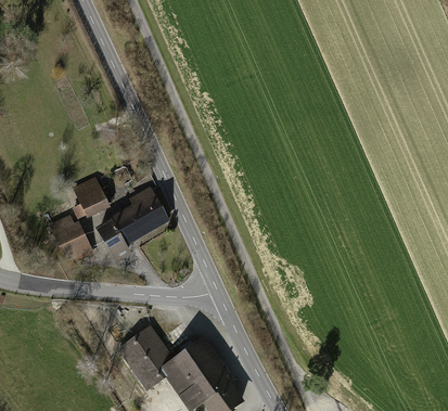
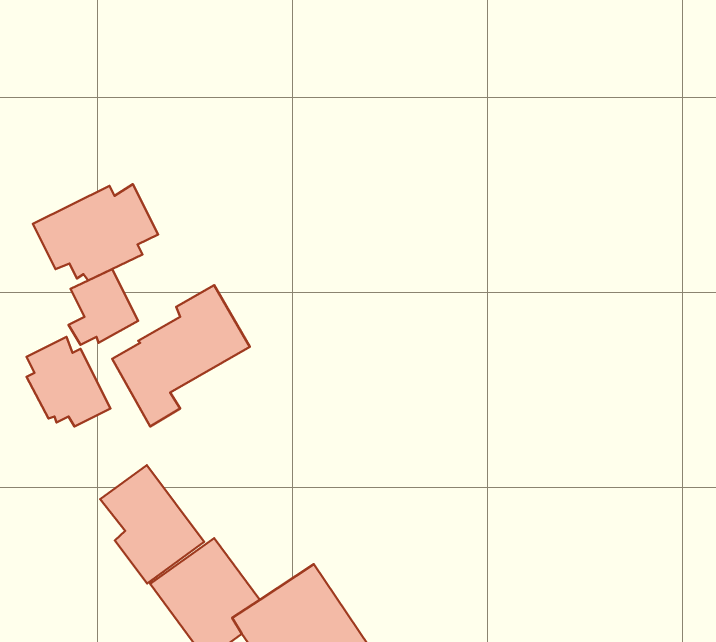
building: none -> [33,184,158,281]
building: none -> [100,465,204,584]

